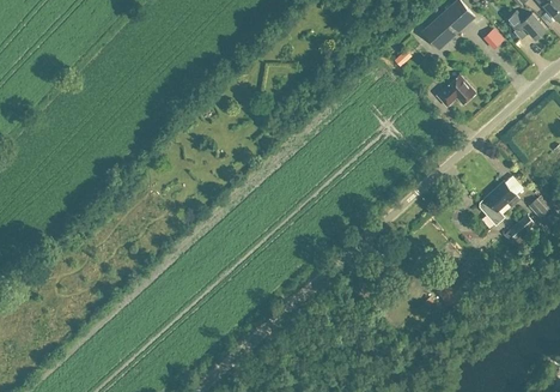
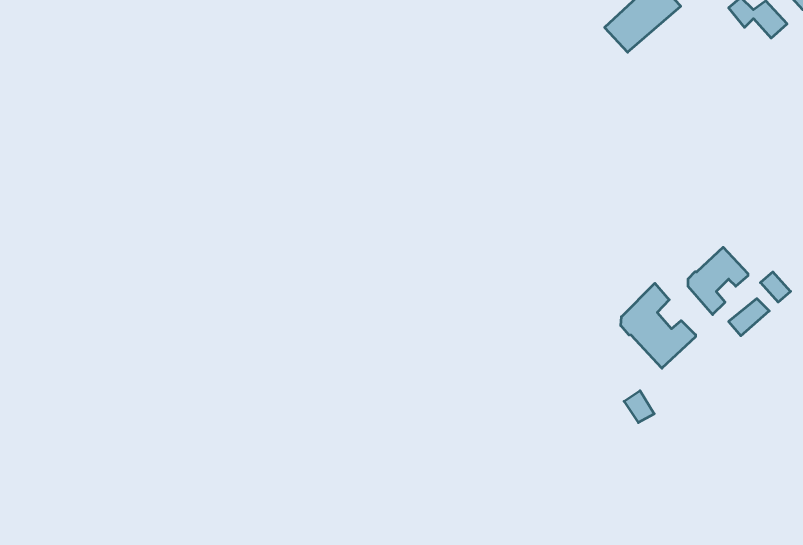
building: [436,74,475,105] -> none
building: none -> [621,283,696,368]

